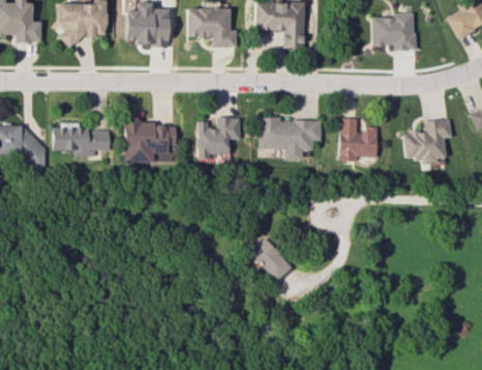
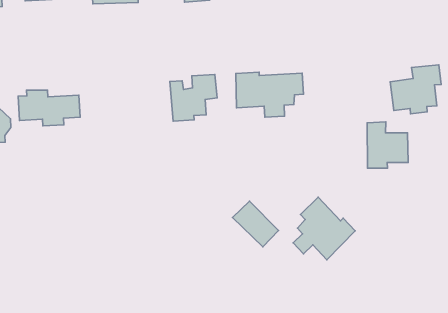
building: [124,117,175,163] -> none
building: [336,118,375,162] -> [367,122,408,168]
building: none -> [293,197,355,260]

